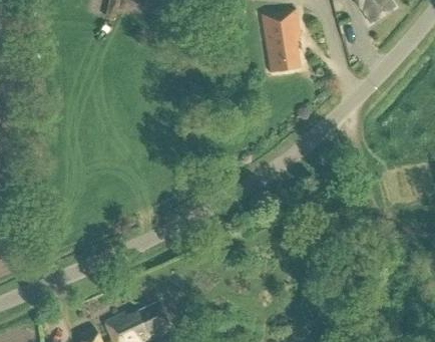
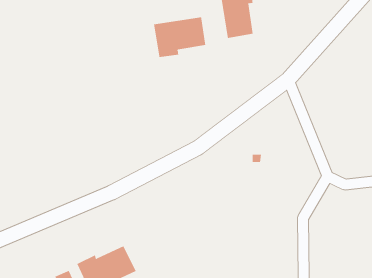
building: none -> [154,16,206,58]

